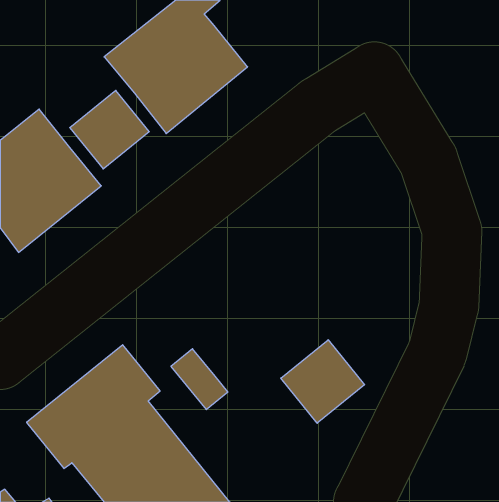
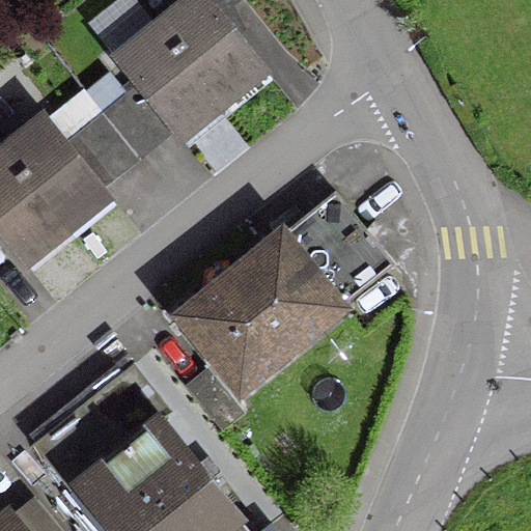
building: none -> [180,193,393,390]
building: [281,340,365,423] -> none

